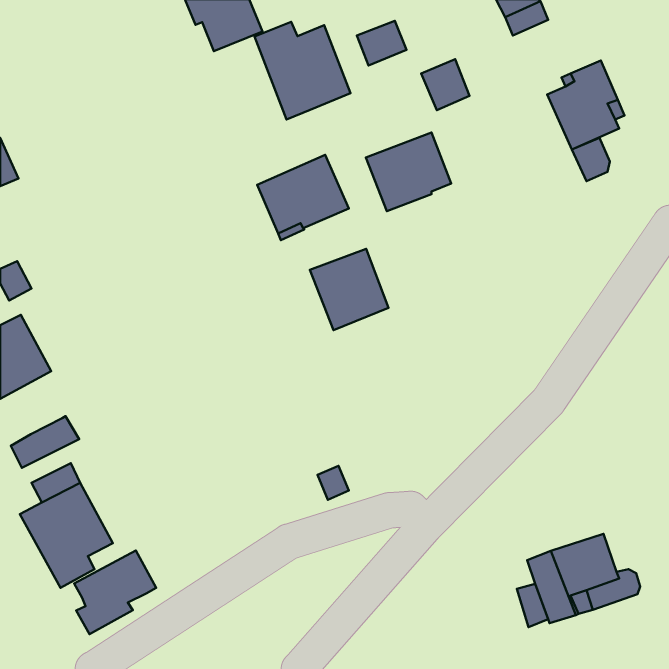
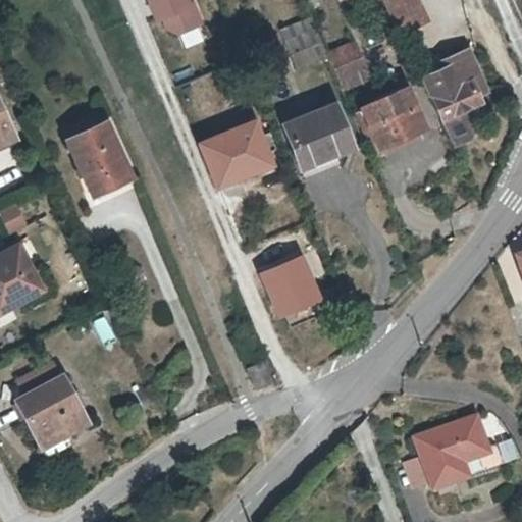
building: [255,22,351,120] -> none
building: none -> [363,87,426,147]
building: none -> [69,122,132,195]
building: [310,249,389,330] -> [258,256,319,319]
building: [11,416,79,468] -> none
building: [74,550,156,634] -> none

